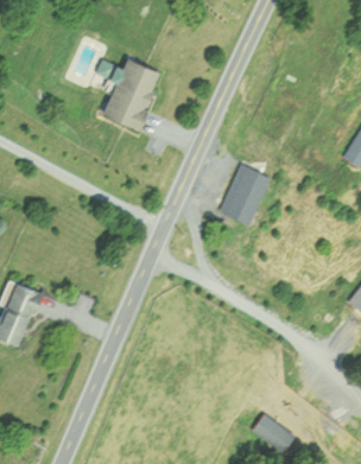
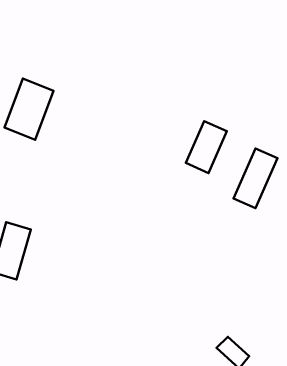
building: [106,62,163,133] -> [5,78,54,140]
building: none -> [234,149,277,208]

